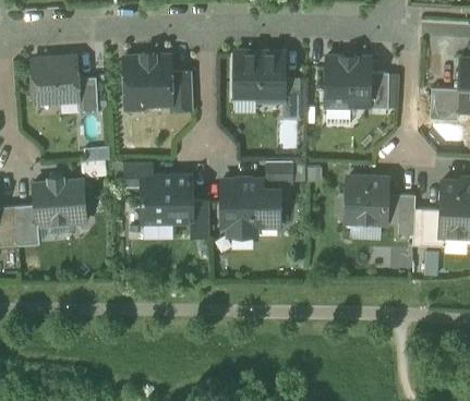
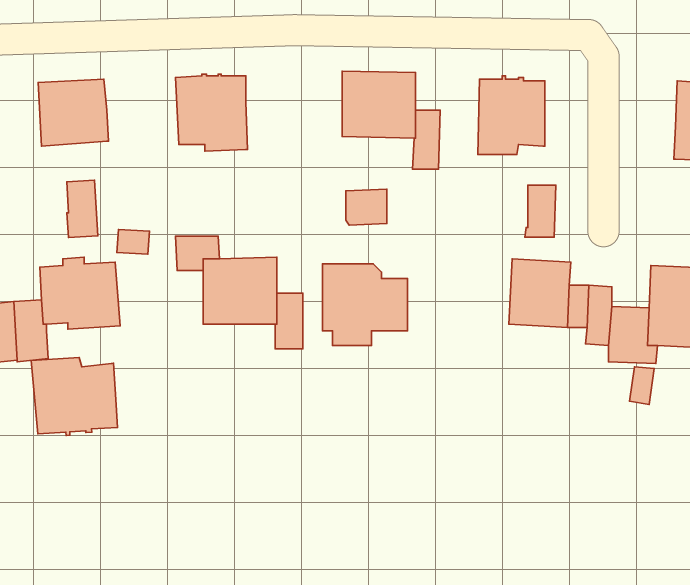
building: [170,72,191,110] -> none
building: [367,73,388,108] -> [525,185,556,237]
building: [77,76,98,114] -> [67,180,98,237]
building: [430,87,457,119] -> none
building: [265,159,292,183] -> [346,189,387,225]
building: none -> [31,357,117,435]

